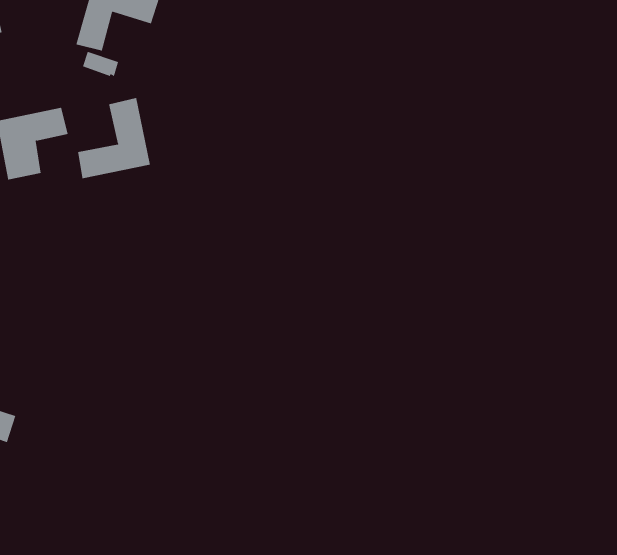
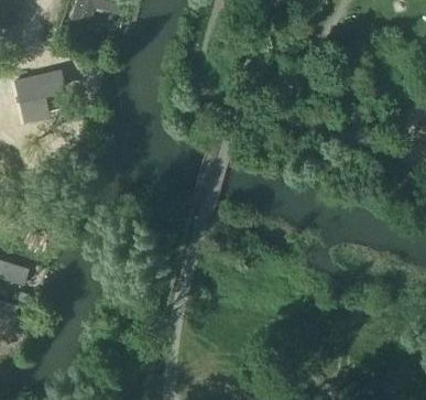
building: [77,97,150,179] -> none

